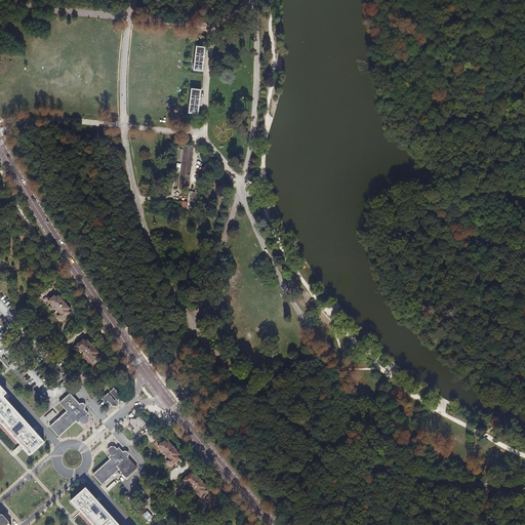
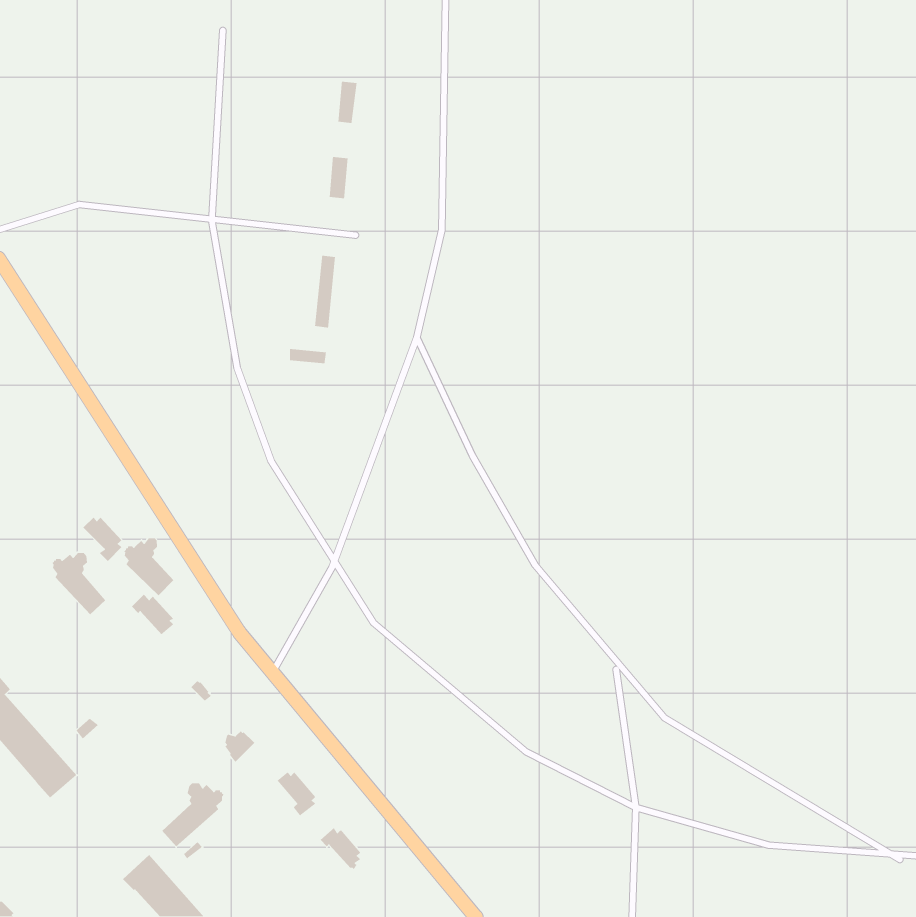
building: none -> [123,537,174,596]
building: none -> [51,552,106,615]
building: [50,393,87,436] -> none

